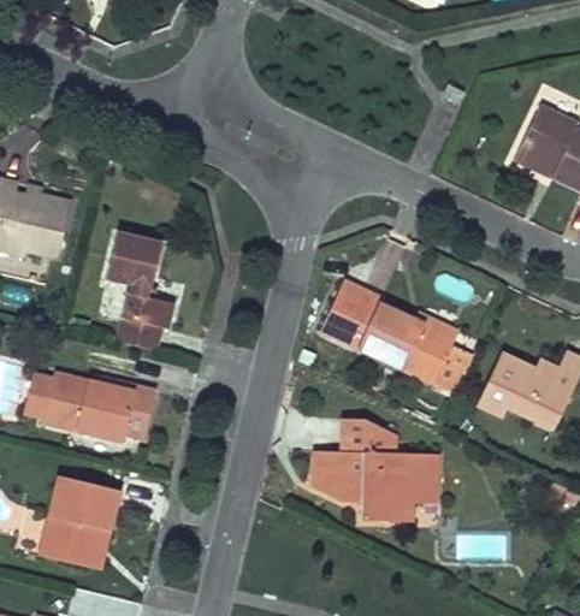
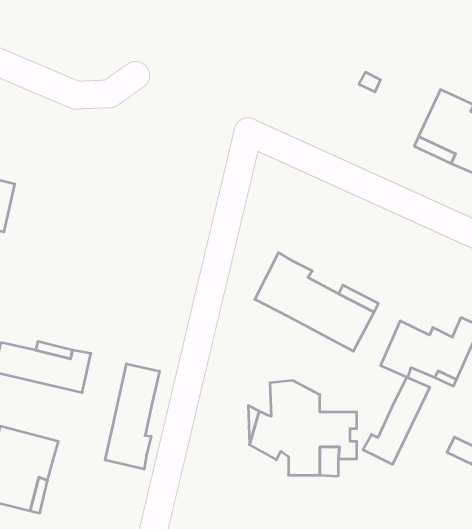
building: [102,232,173,349] -> none
building: none -> [105,364,159,469]
building: none -> [363,377,430,464]

